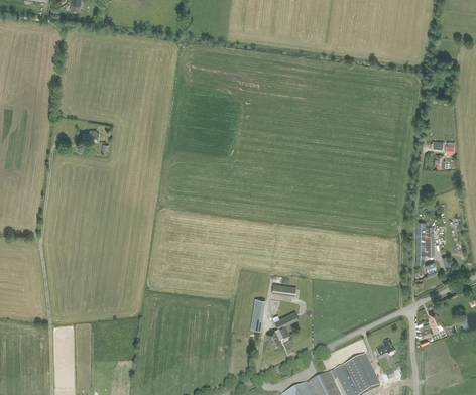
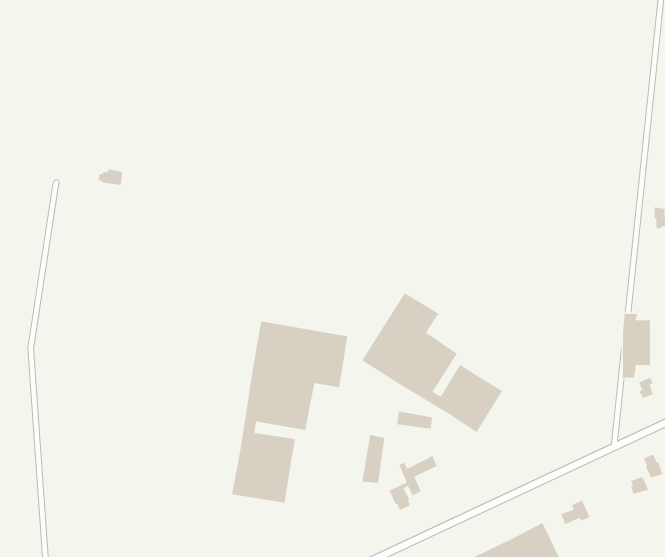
building: none -> [361,292,503,433]
building: none -> [231,320,348,503]

